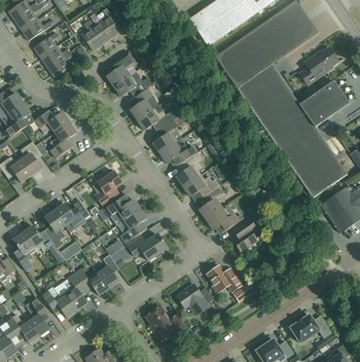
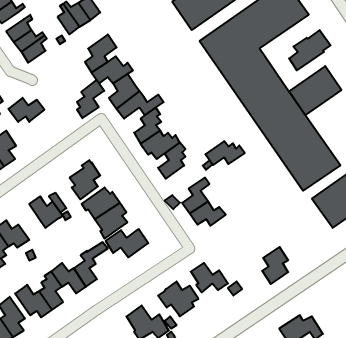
building: [50,121,76,157] -> [77,80,104,118]
building: [183,174,220,196] -> [205,141,245,165]
building: [44,210,65,248] -> none
building: [232,217,257,252] -> [262,247,288,284]

